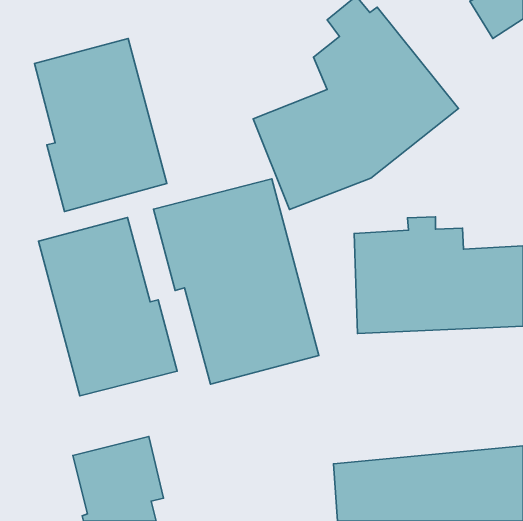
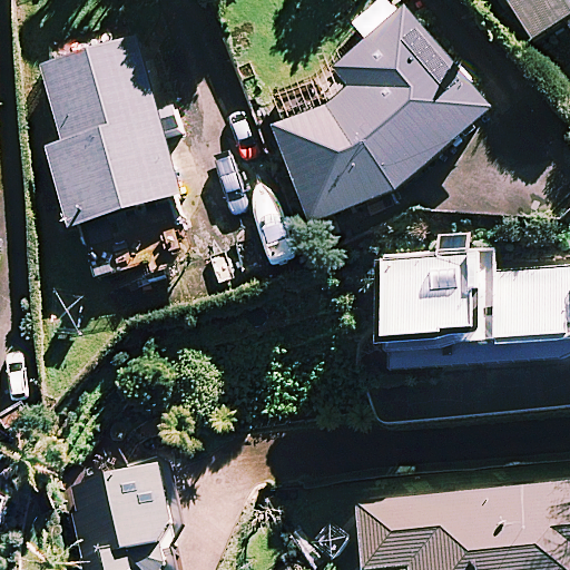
building: [153,179,319,384] -> none
building: [38,217,177,396] -> none

